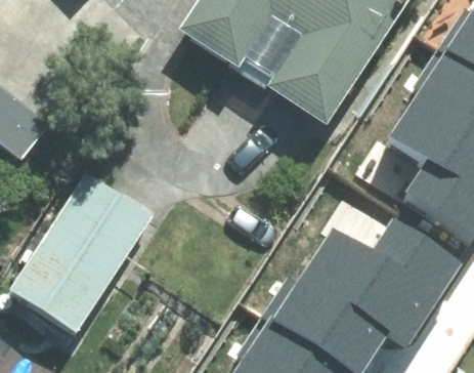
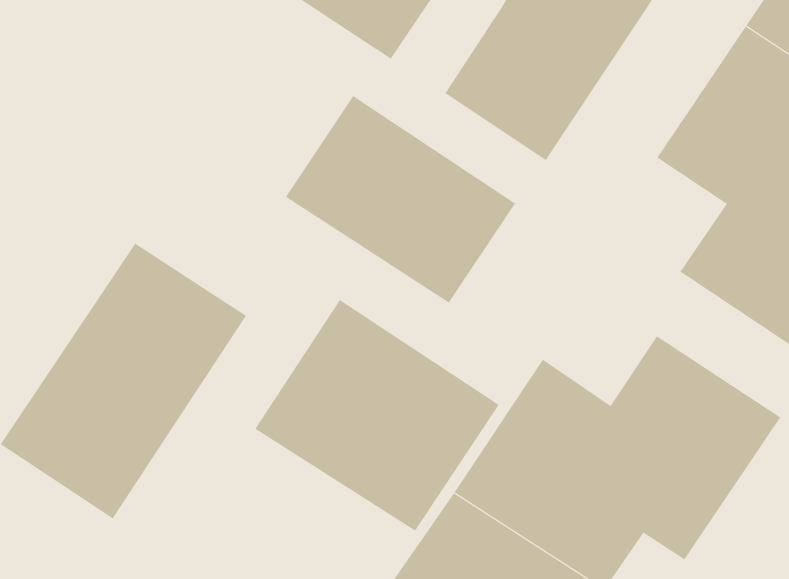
building: none -> [285,95,516,303]
building: none -> [254,299,500,532]

